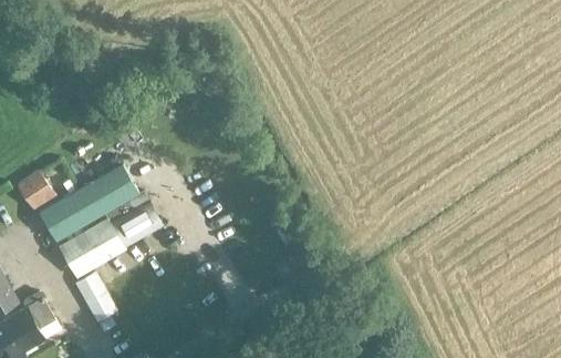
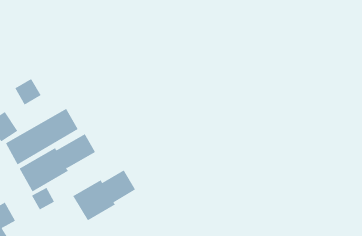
building: none -> [14,78,41,105]
building: none -> [73,170,136,221]

